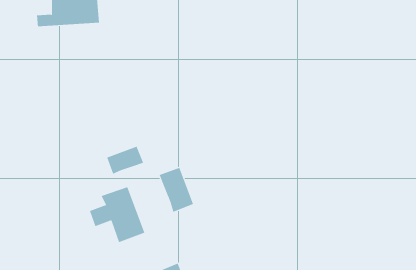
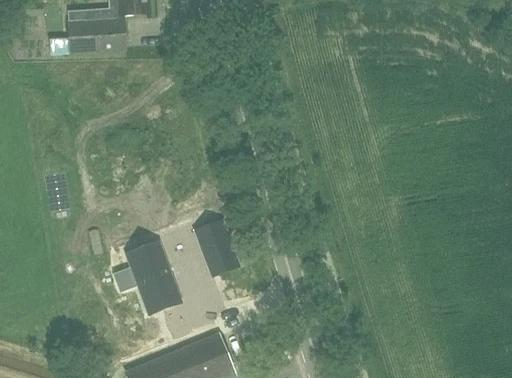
building: [107,146,144,175] -> none

